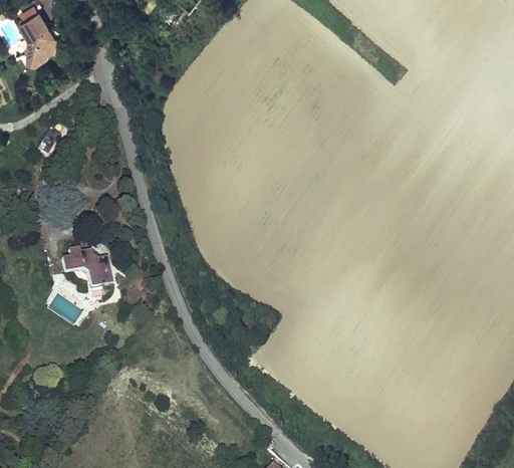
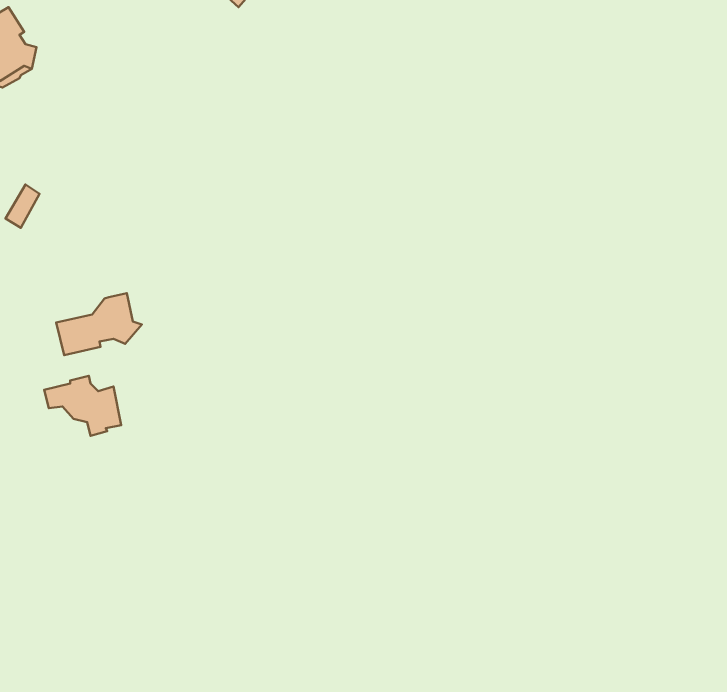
building: none -> [56,293,142,355]

